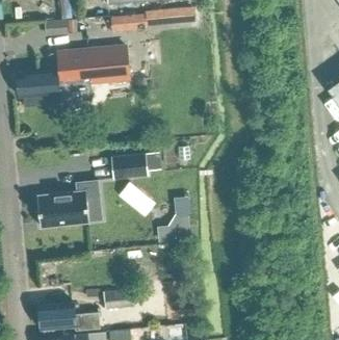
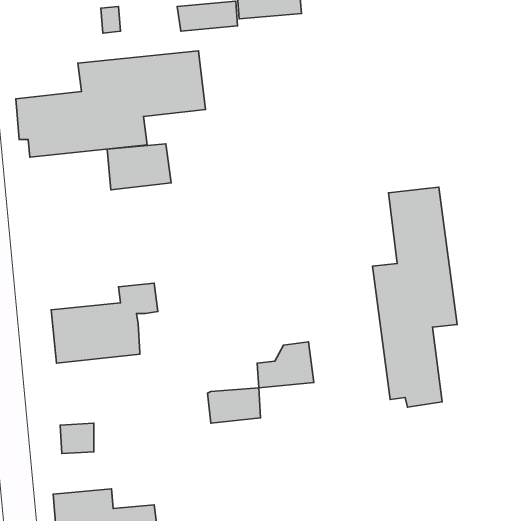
building: none -> [373,187,457,407]
building: [111,153,149,180] -> [107,144,171,190]
building: [102,290,133,311] -> [207,388,261,423]

